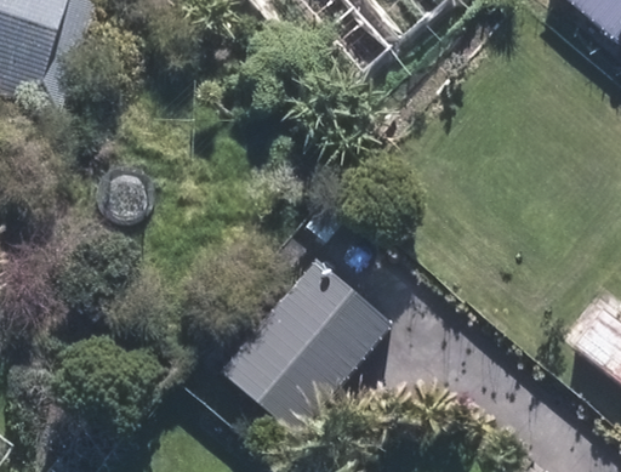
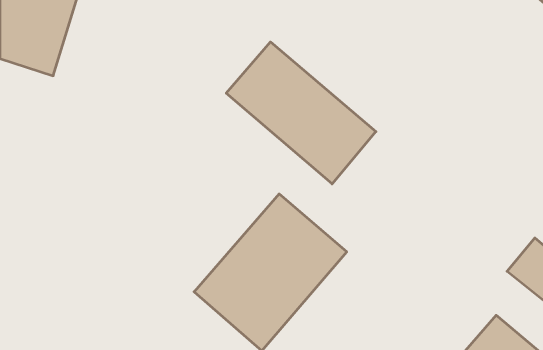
building: none -> [226,42,376,184]

